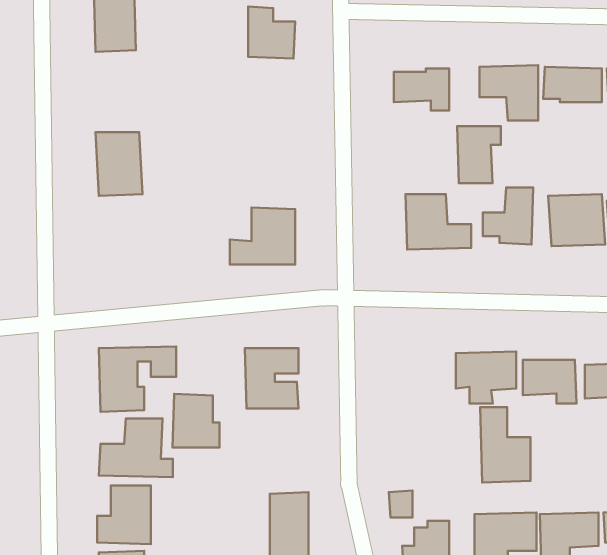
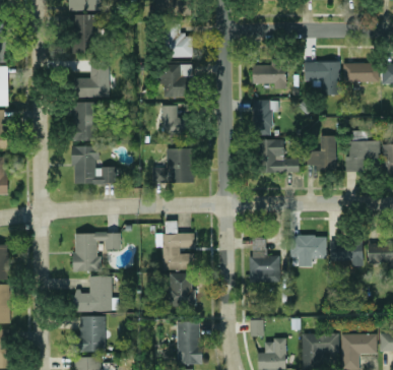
building: none -> [73,62,110,98]
building: none -> [161,64,192,98]
building: [457,126,501,183] -> [252,100,278,134]
building: none -> [161,105,187,137]
building: none -> [73,145,117,184]
building: [173,394,220,448] -> [168,272,196,305]
building: [480,407,531,483] -> [250,237,280,283]

